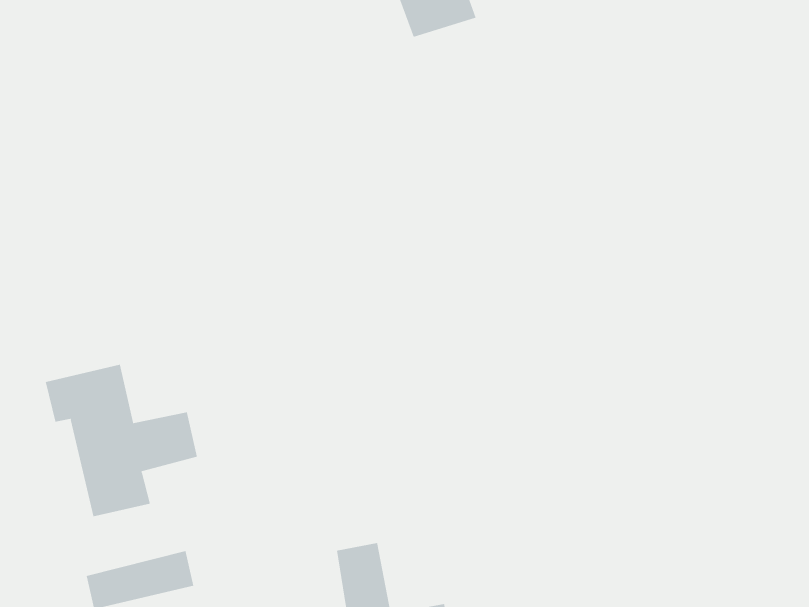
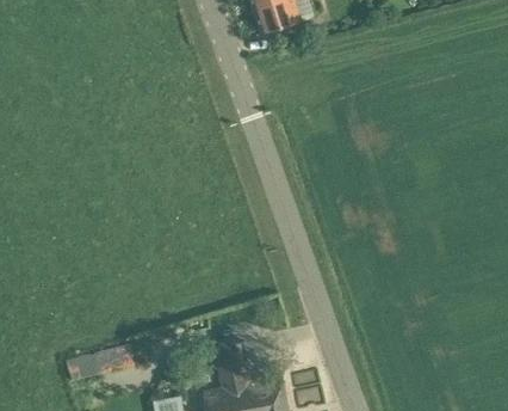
building: [45,364,197,517] -> none

